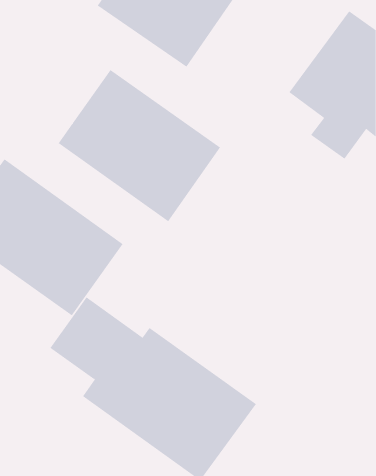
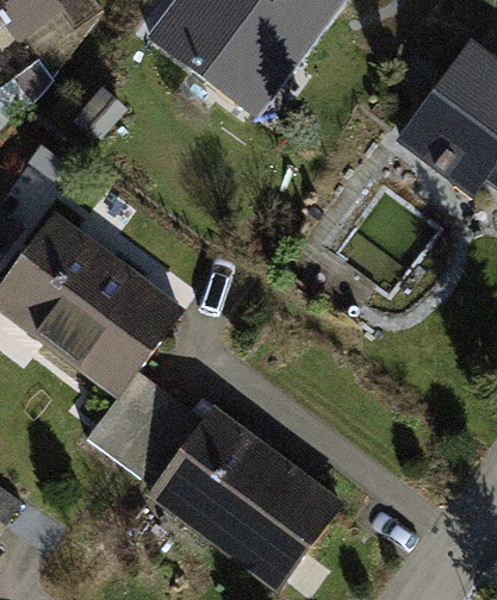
building: [58,69,221,222] -> none

